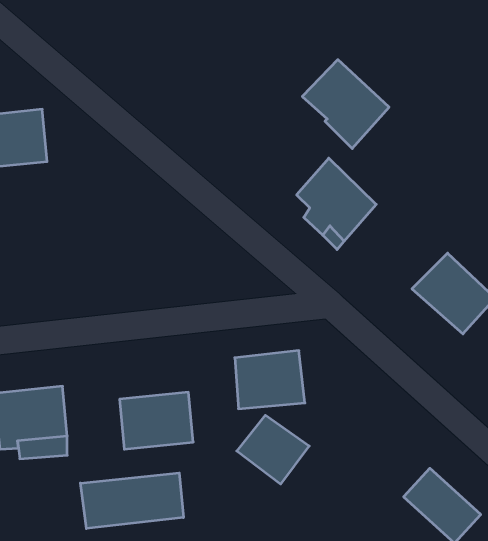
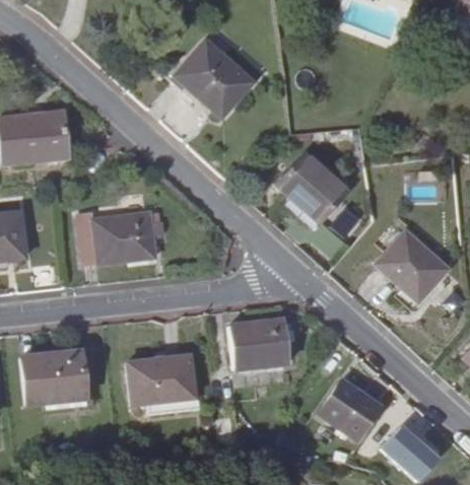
building: [302,60,389,149] -> [185,41,259,117]
building: none -> [81,211,169,266]
building: [237,415,309,484] -> [318,380,380,439]
building: [80,473,183,529] -> none

